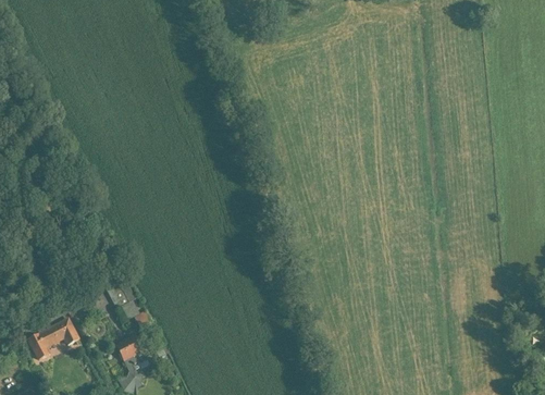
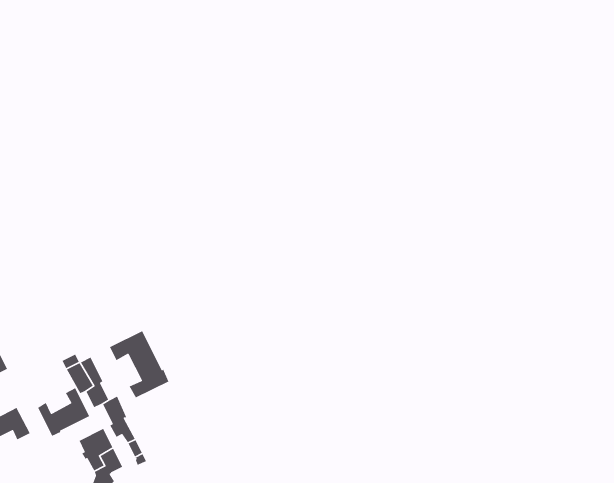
building: none -> [109,330,170,399]
building: none -> [37,387,90,437]

